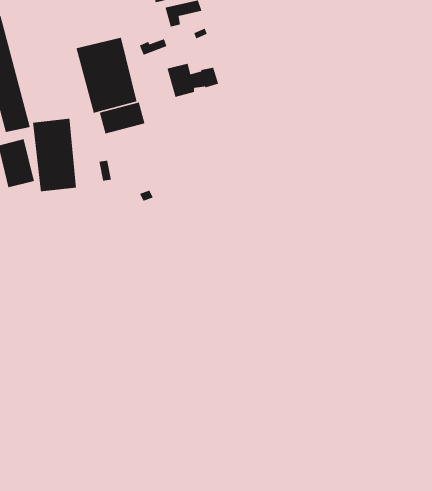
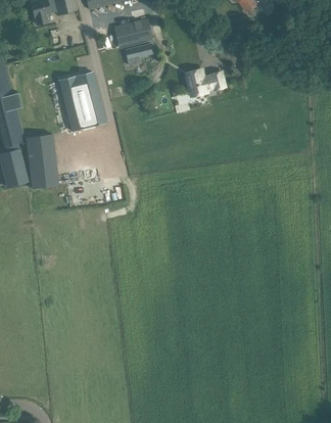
building: [167,63,219,98] -> [186,69,226,96]
building: [99,102,145,135] -> none

